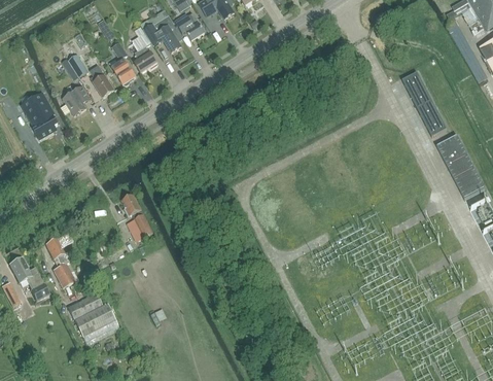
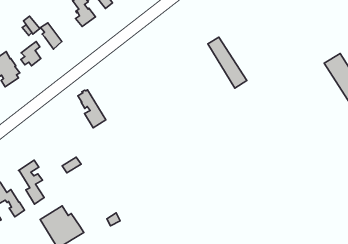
building: [109,42,135,84] -> none
building: [401,71,446,136] -> [208,37,247,88]
building: [120,193,152,240] -> [78,90,106,128]

